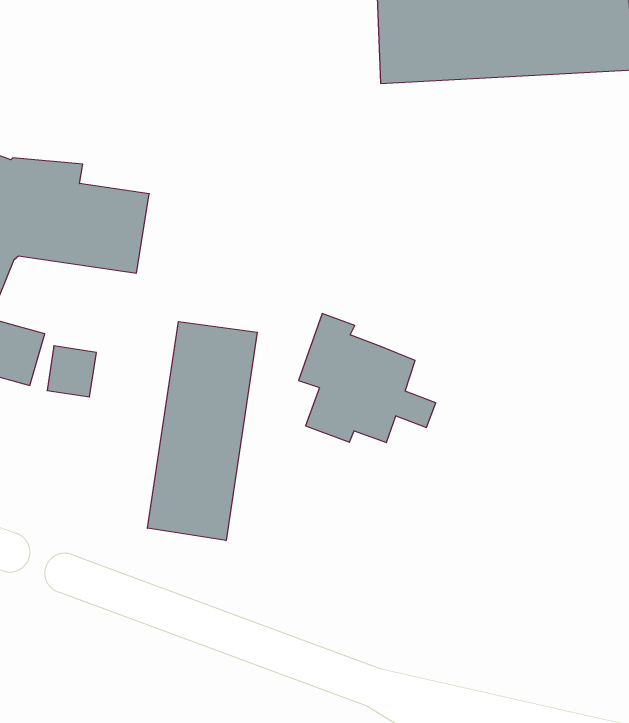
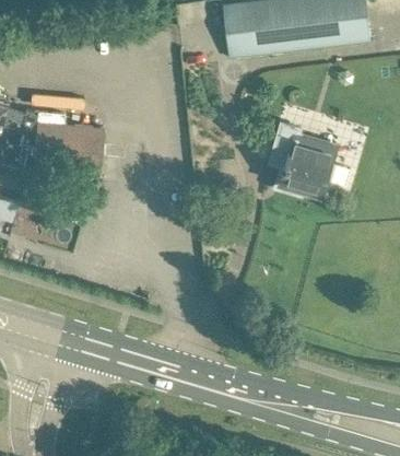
building: [299,314,436,443] -> [271,124,349,195]
building: [147,322,257,541] -> none

